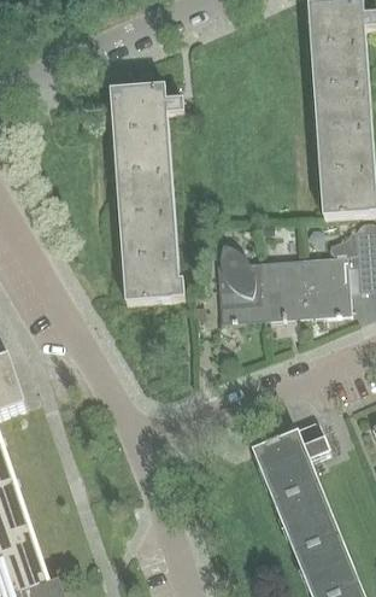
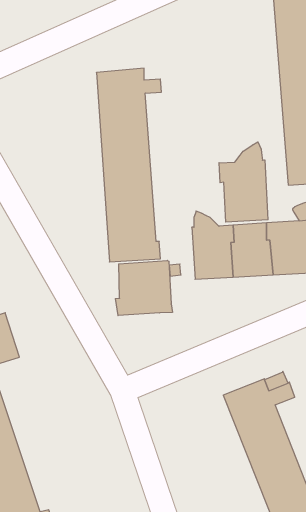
building: none -> [219,142,268,222]
building: none -> [115,260,172,316]

